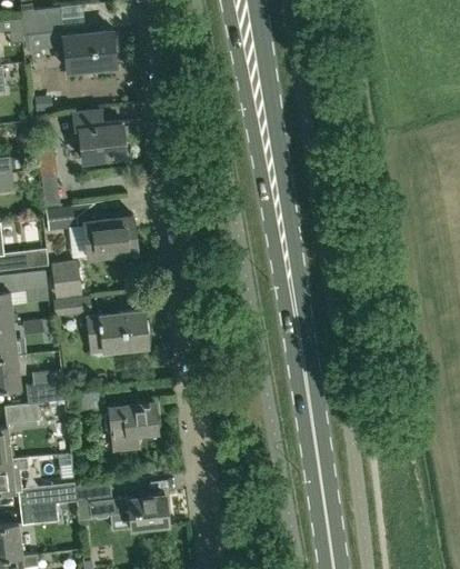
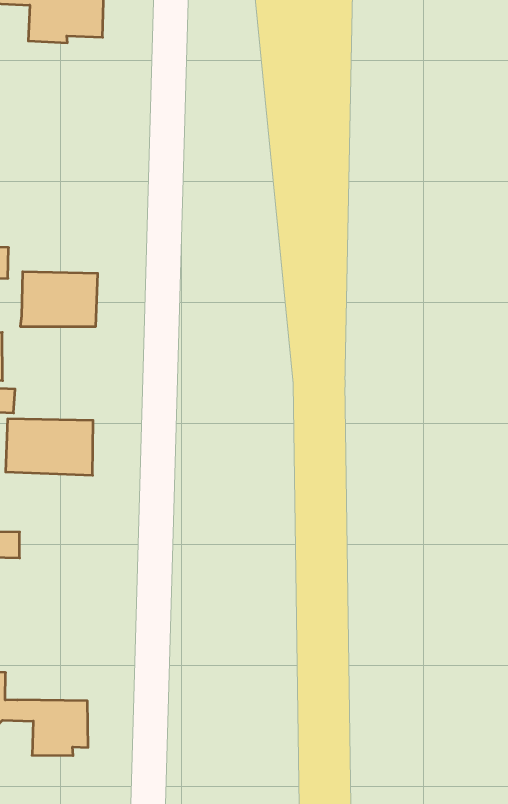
building: [73,111,124,161] -> none
building: [104,400,157,450] -> none

